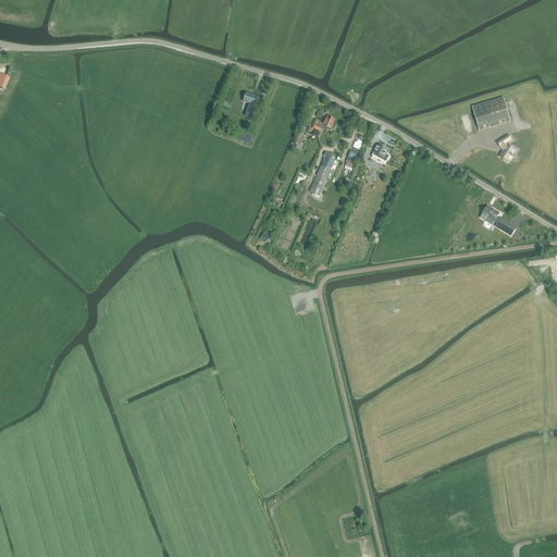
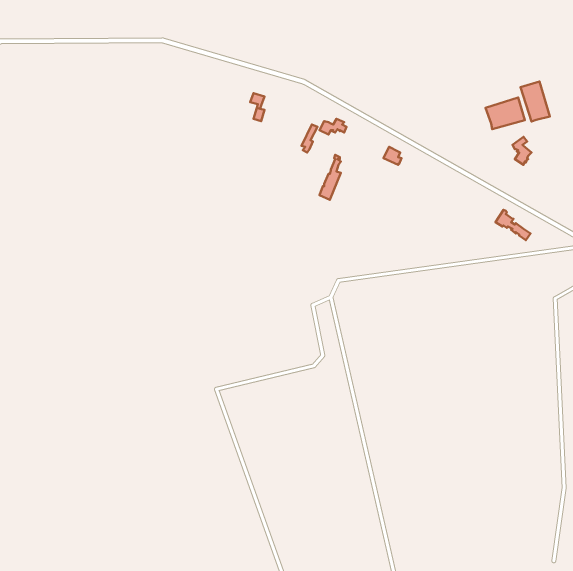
building: none -> [521,81,550,122]

